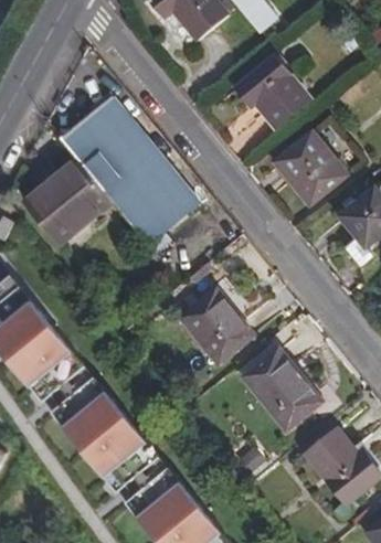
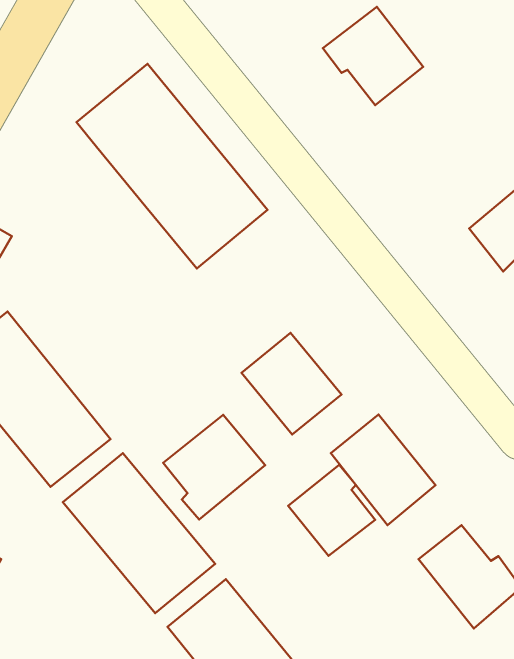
building: [276,137,345,206] -> none
building: [23,158,110,243] -> none
building: none -> [163,415,265,520]
building: none -> [288,465,375,556]

